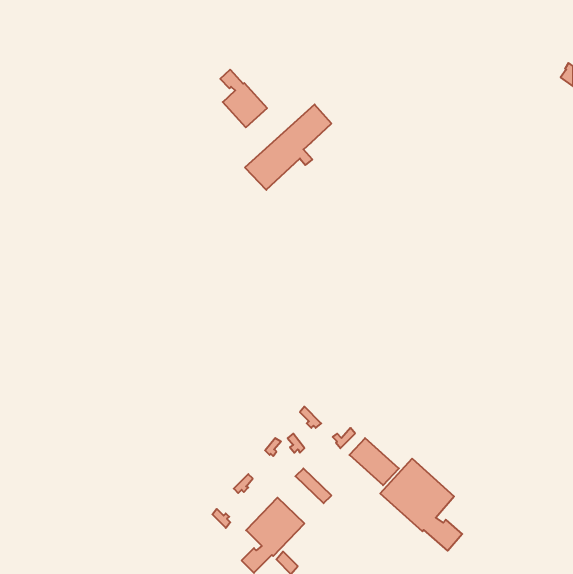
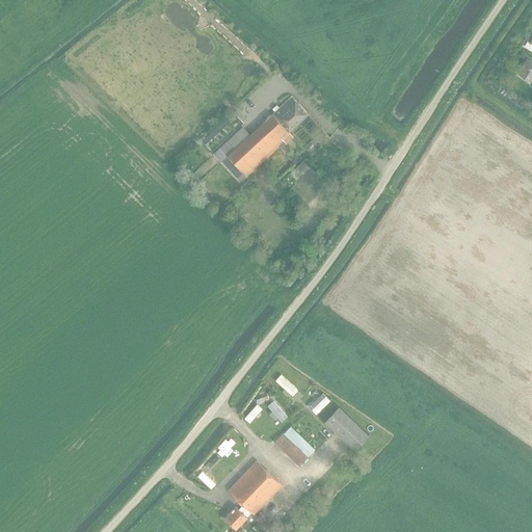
building: [220,70,267,127] -> none
building: [380,459,462,551] -> none

